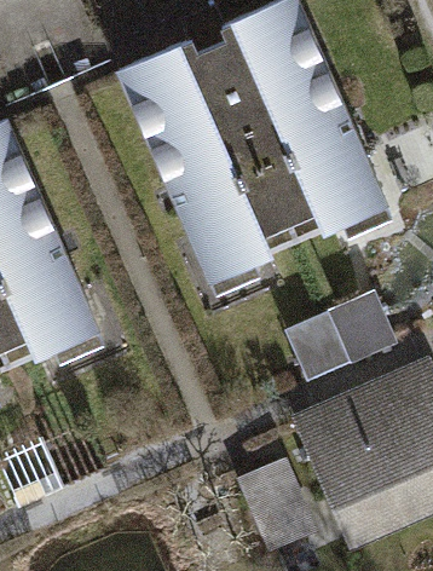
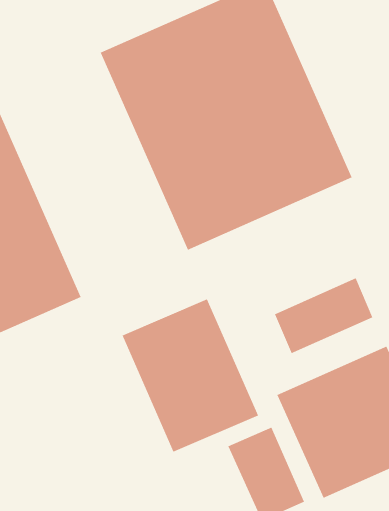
building: none -> [122,298,259,452]

